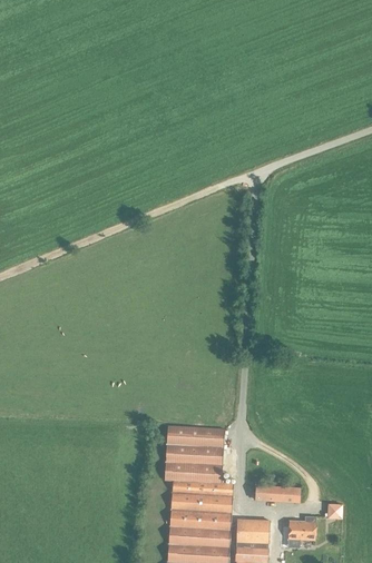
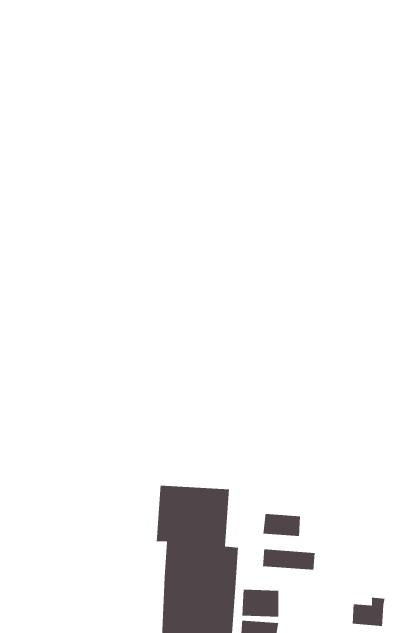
building: none -> [262,513,301,537]
building: [287,516,316,542] -> [352,597,385,627]

